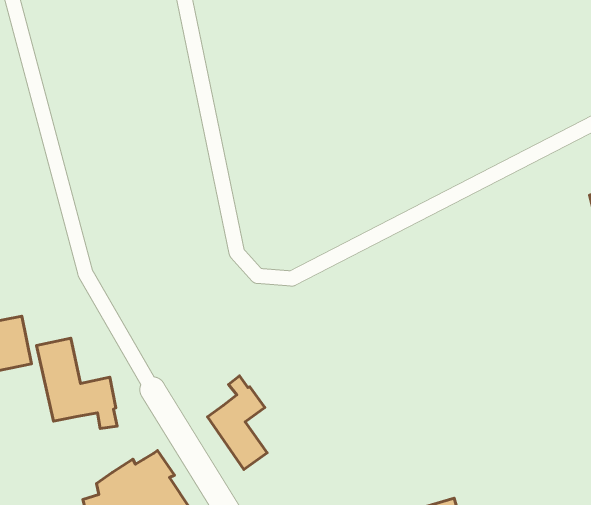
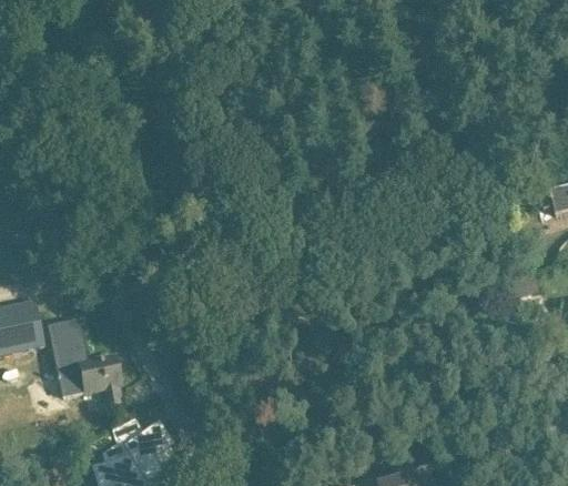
building: [207,376,267,469] -> none

